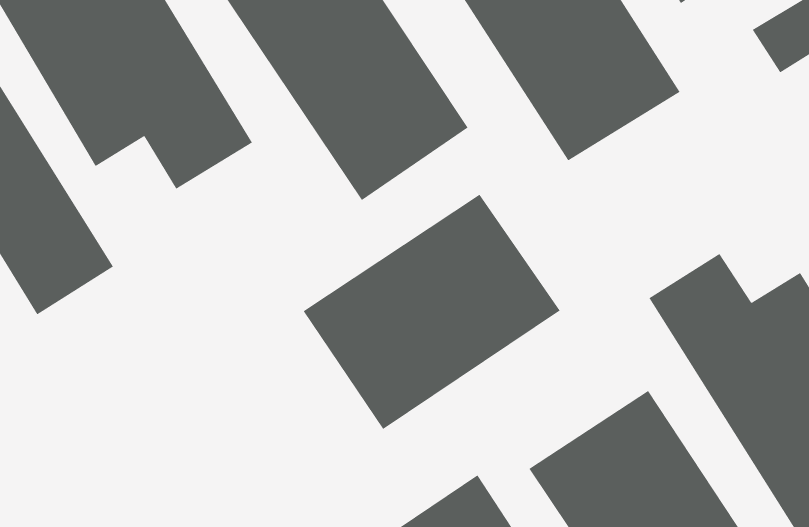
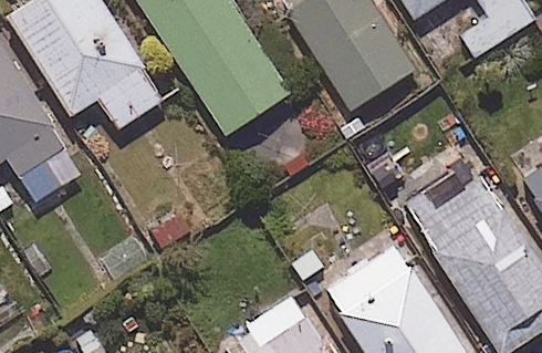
building: [303,194,560,430] -> none

